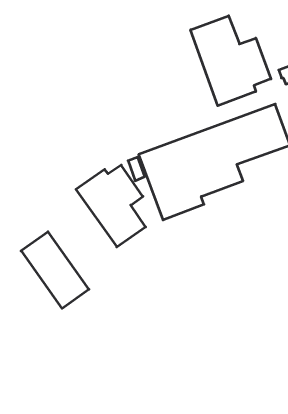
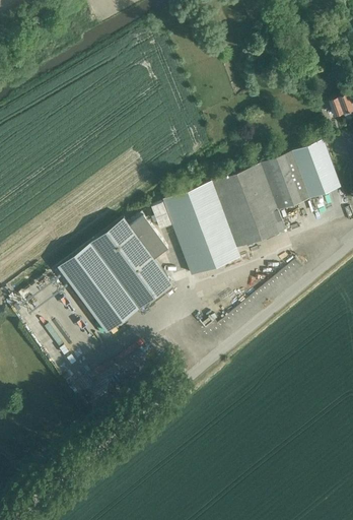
building: [191,16,271,106] -> none
building: [21,232,89,308] -> [59,241,138,330]

